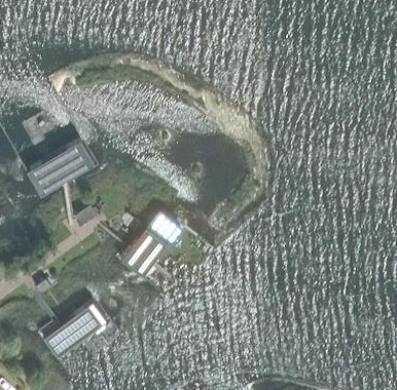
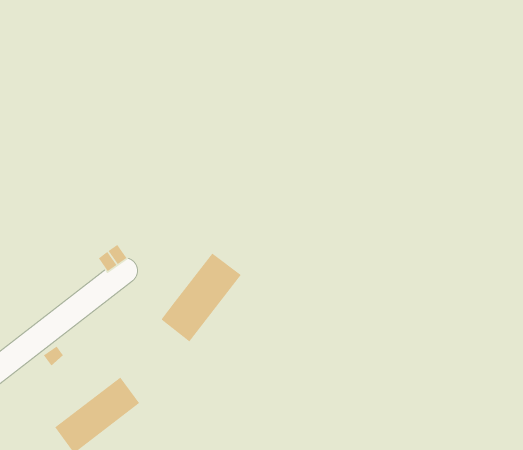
building: [27,141,94,195] -> none

